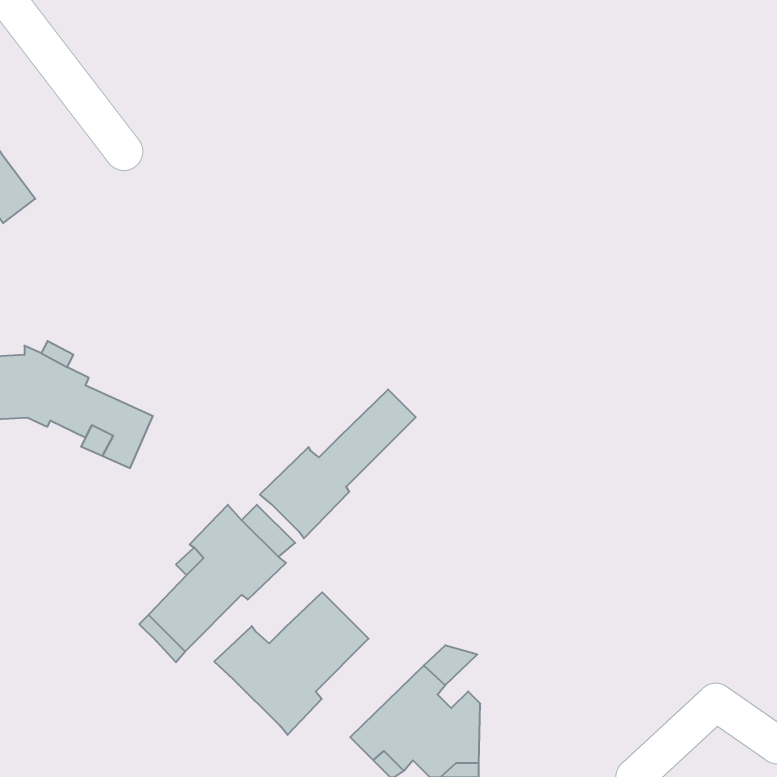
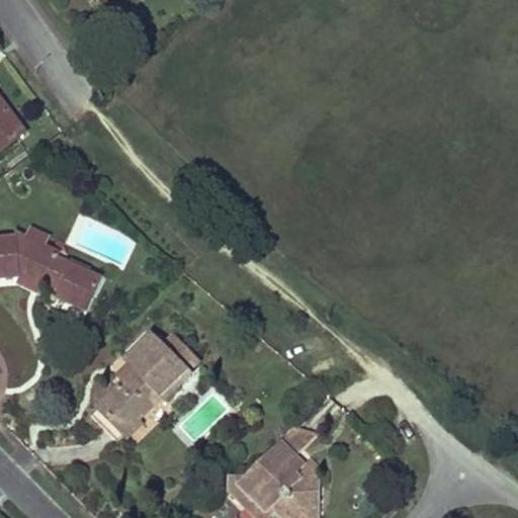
building: [260,389,416,538] -> none
building: [214,592,369,735] -> none

